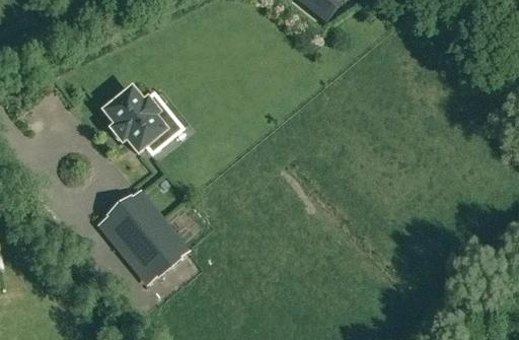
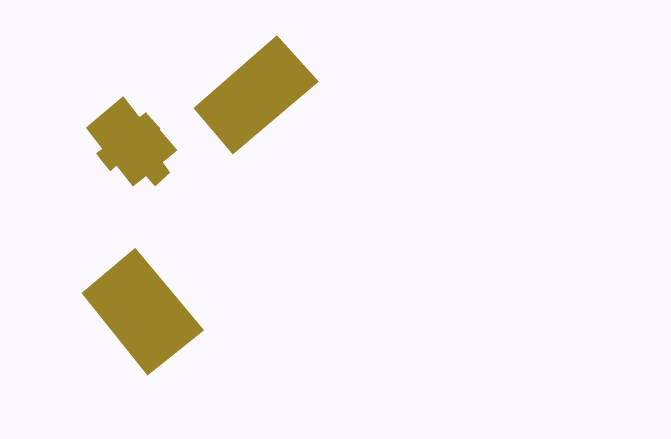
building: none -> [193,34,320,155]

